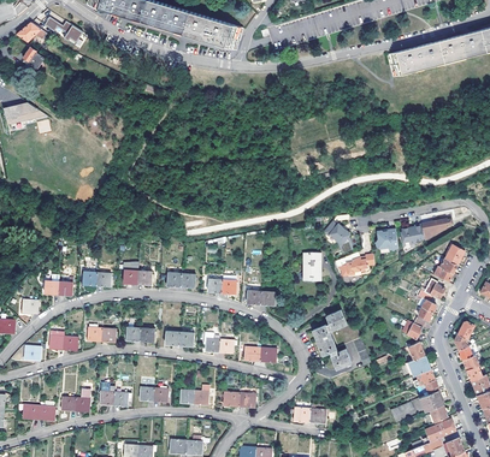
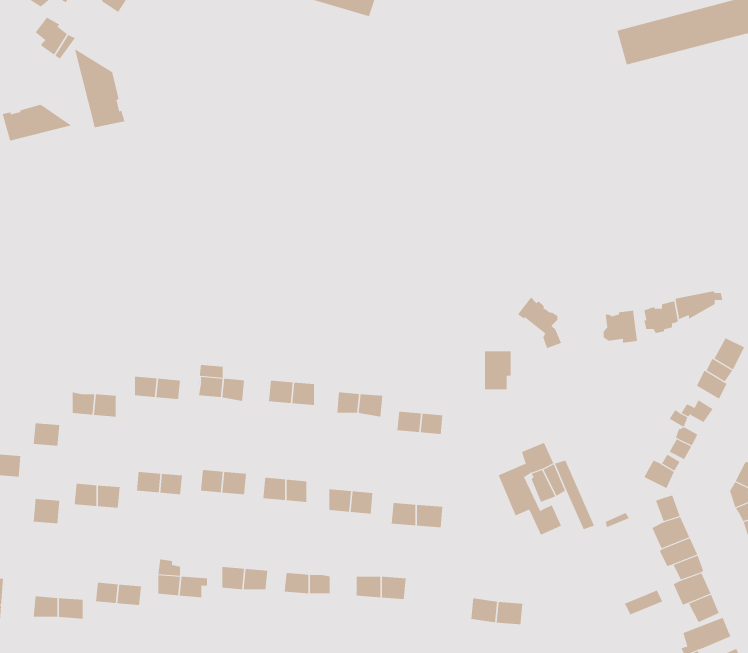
building: none -> [74,48,125,128]
building: [335,253,374,277] -> none

